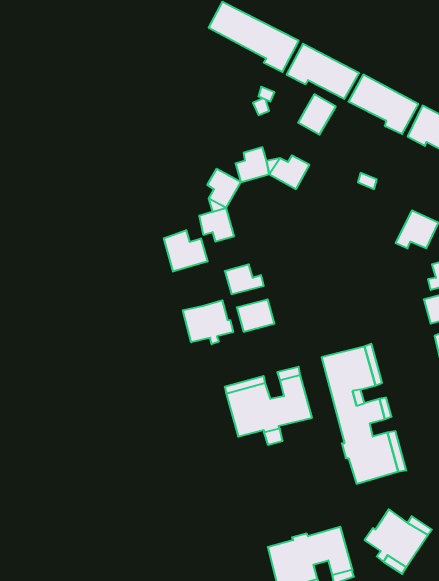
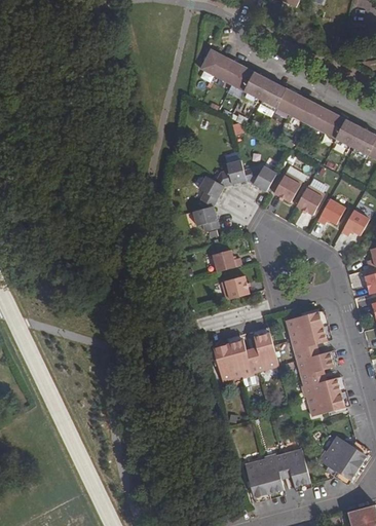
building: [298,94,336,135] -> [273,172,302,202]
building: none -> [296,185,324,215]
building: none -> [316,198,345,225]
building: [164,230,208,272] -> none
building: [183,300,233,344] -> none

